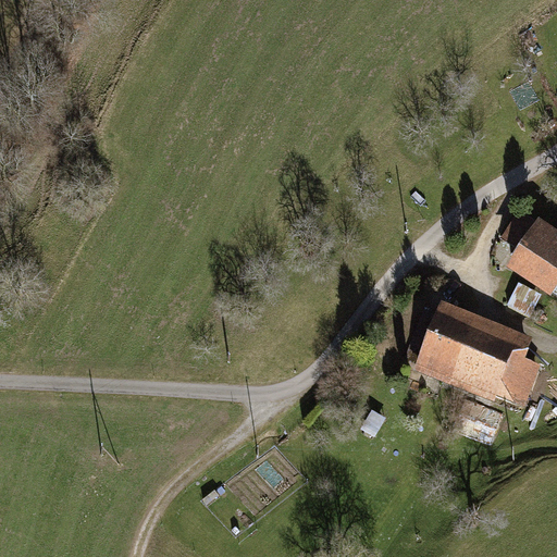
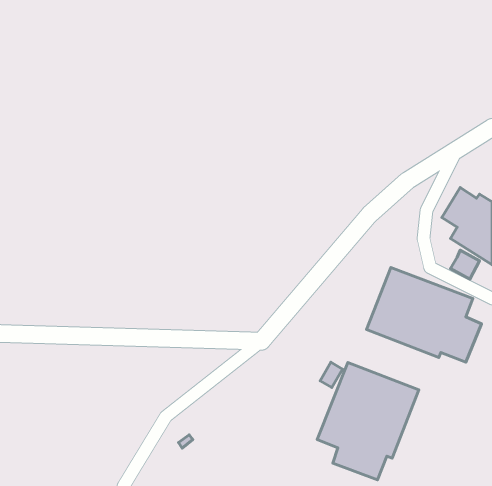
building: none -> [317,362,419,480]

